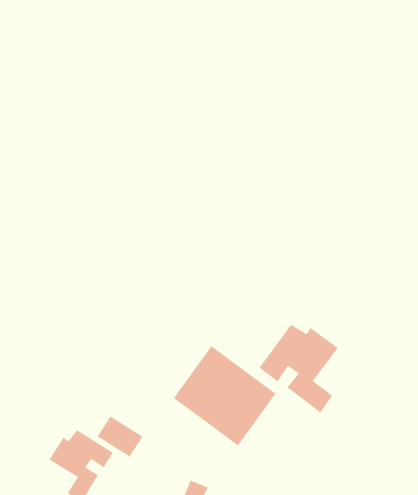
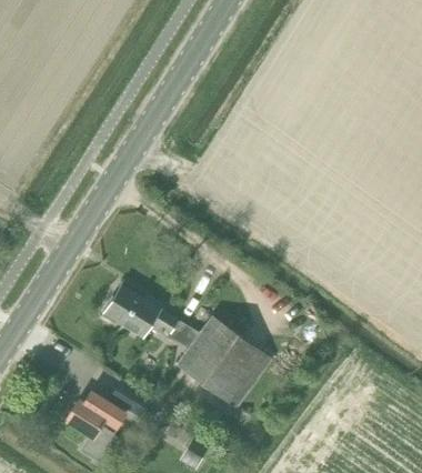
building: none -> [103,285,177,336]
building: [258,324,339,414] -> none

